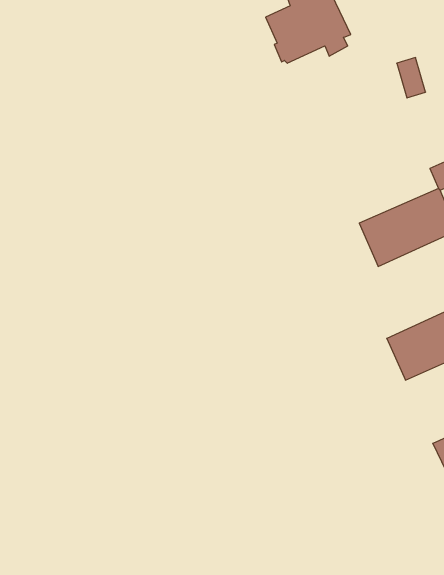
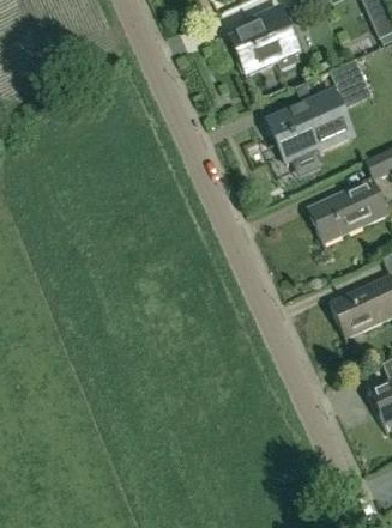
building: none -> [269,81,354,163]

